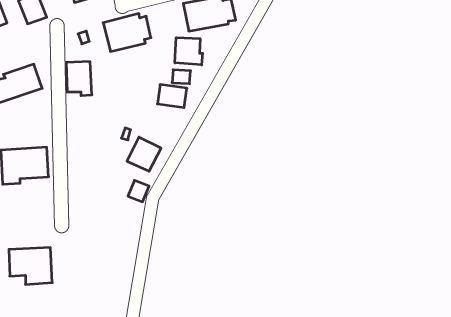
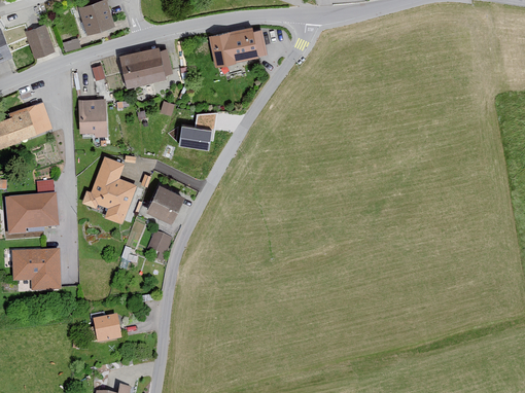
building: [175,38,203,65] -> none
building: none -> [80,157,135,225]
building: [9,248,52,284] -> [11,252,60,293]
building: none -> [93,317,120,346]

